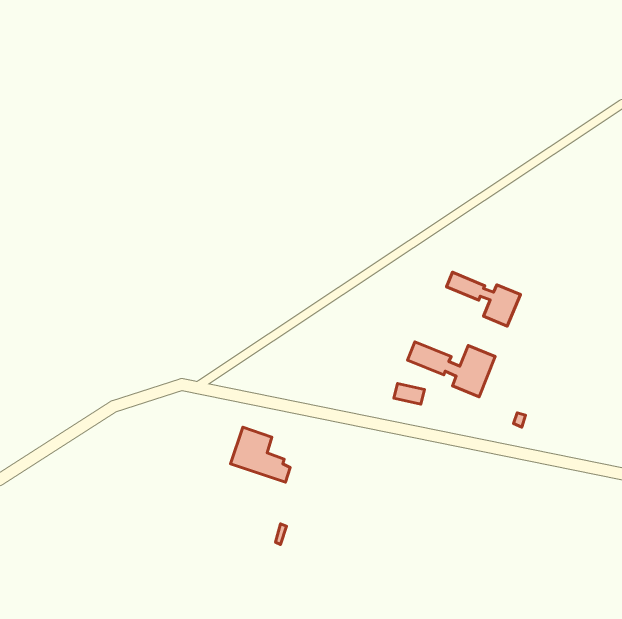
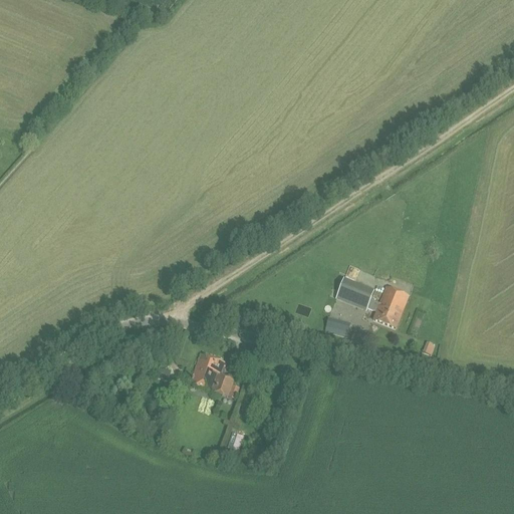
building: [447,272,521,326] -> none

